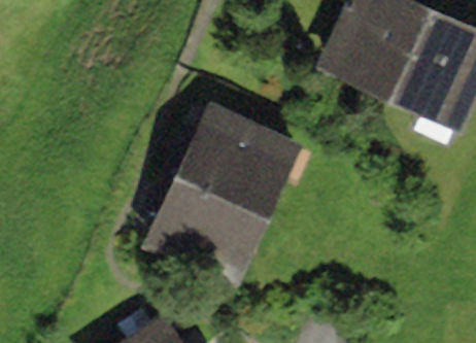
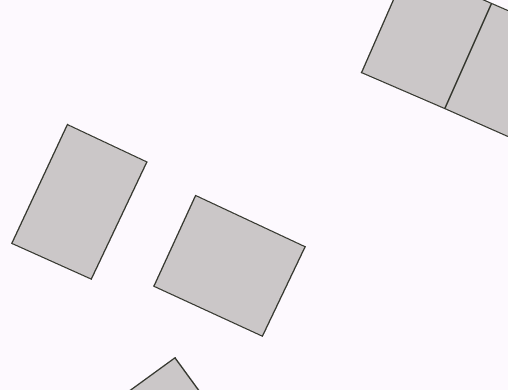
building: [175,103,303,217] -> none
building: none -> [12,124,147,279]

